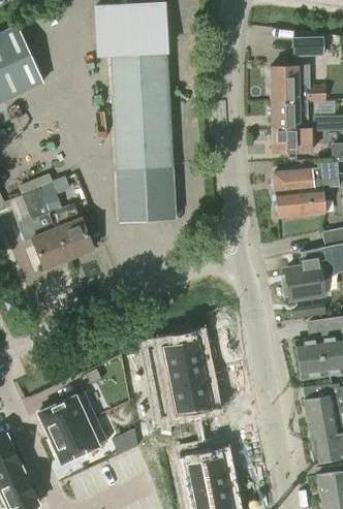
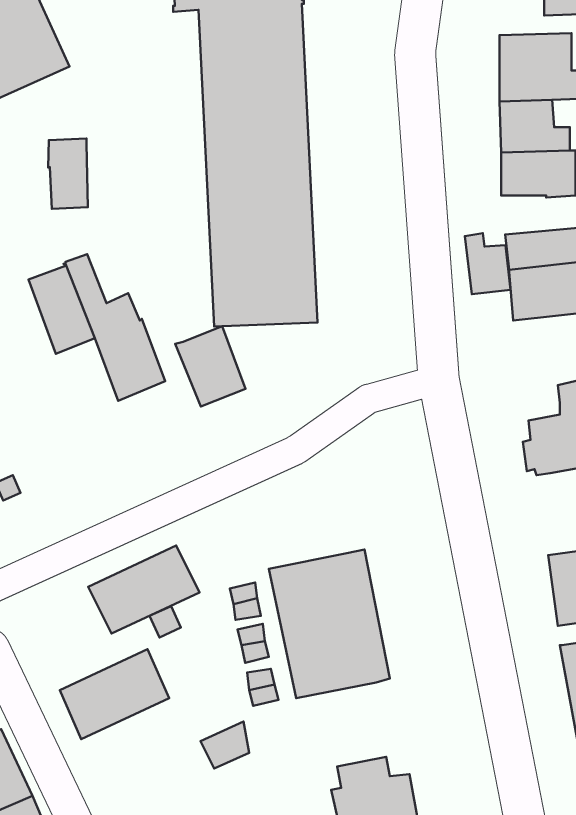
building: none -> [48,139,88,209]
building: none -> [465,233,511,294]
building: [32,226,69,268] -> [175,326,246,406]
building: [50,416,108,463] -> [88,546,200,634]

